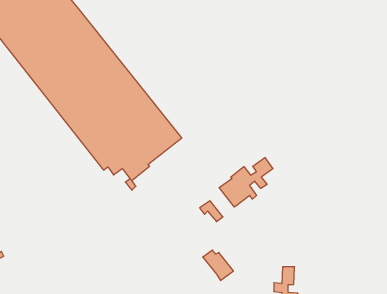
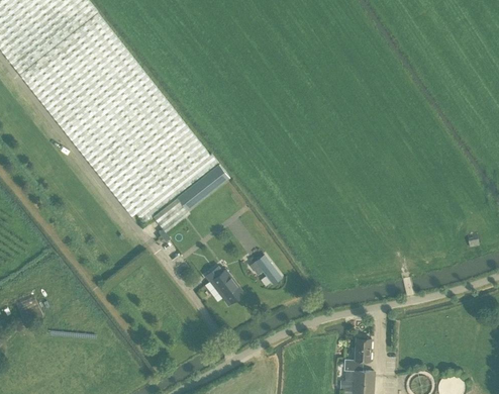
building: [219,158,273,207] -> none
building: [203,250,233,281] -> [205,266,243,304]

